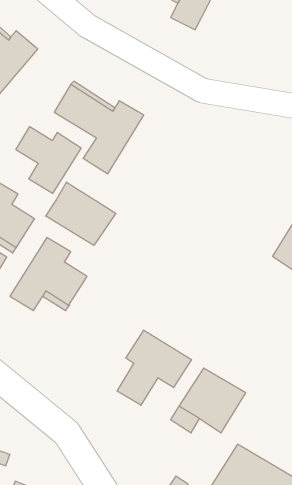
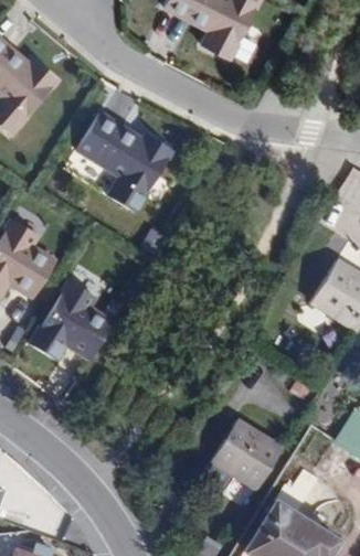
building: [16,127,81,193] -> none
building: [46,182,116,245] -> none
building: [117,330,191,405] -> none

